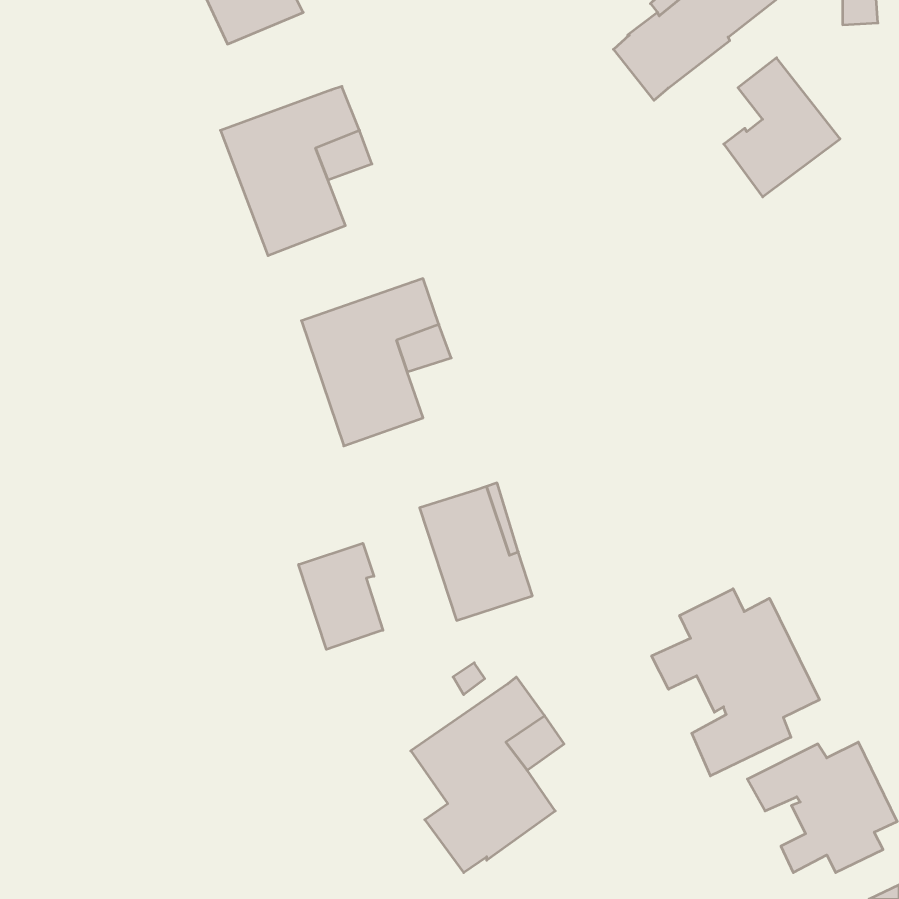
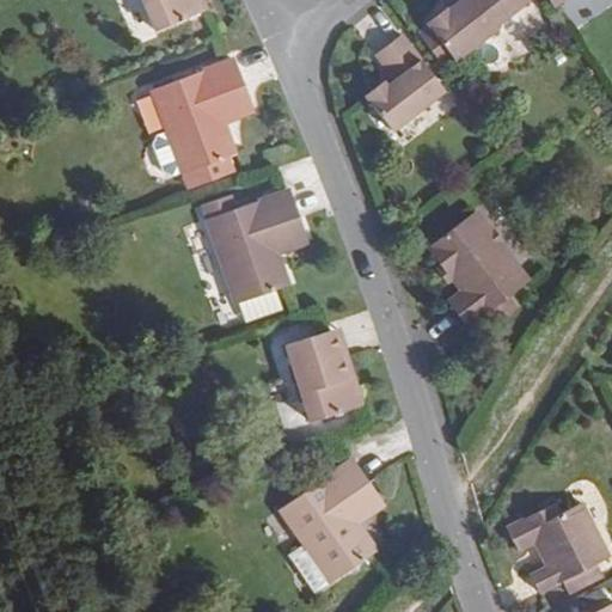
building: [724,58,840,197] -> [367,41,446,135]
building: none -> [429,210,530,324]
building: [299,543,383,649] -> none
building: [652,589,819,776] -> none

